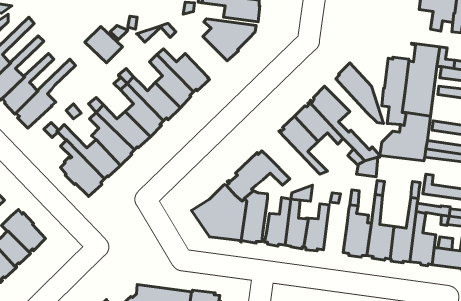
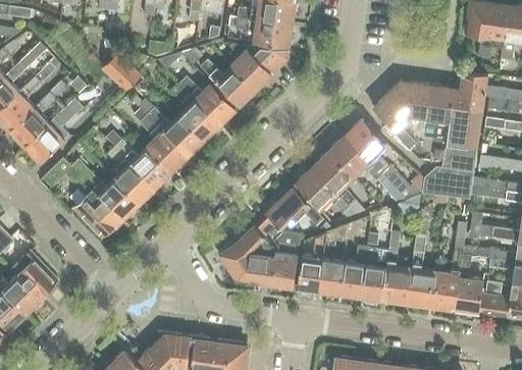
building: none -> [200,59,256,107]
building: none -> [389,81,432,158]
building: none -> [296,166,357,217]
building: none -> [361,247,388,301]

